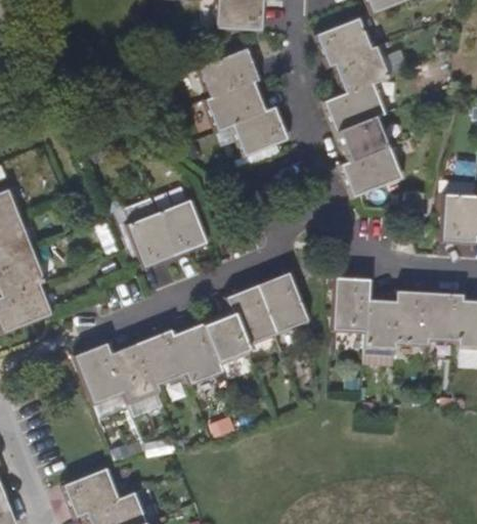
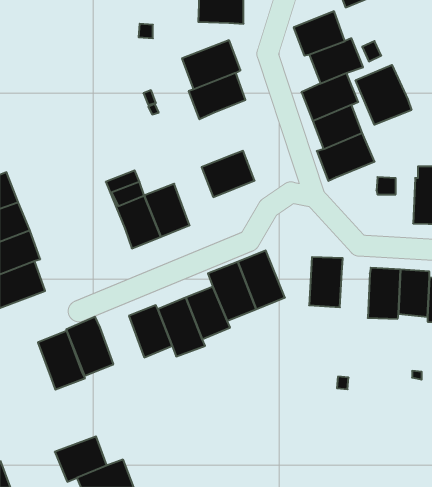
building: none -> [356,65,411,125]
building: [231,107,288,157] -> [202,151,255,197]
building: [364,295,397,349] -> none
building: [111,341,161,403] -> [38,331,85,390]

